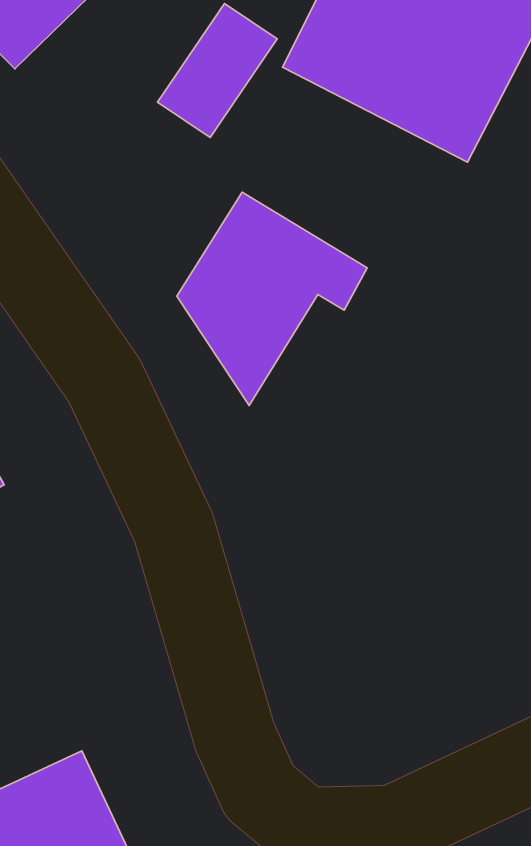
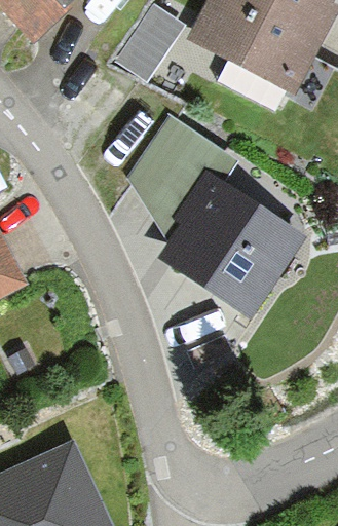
building: none -> [158,174,305,316]

